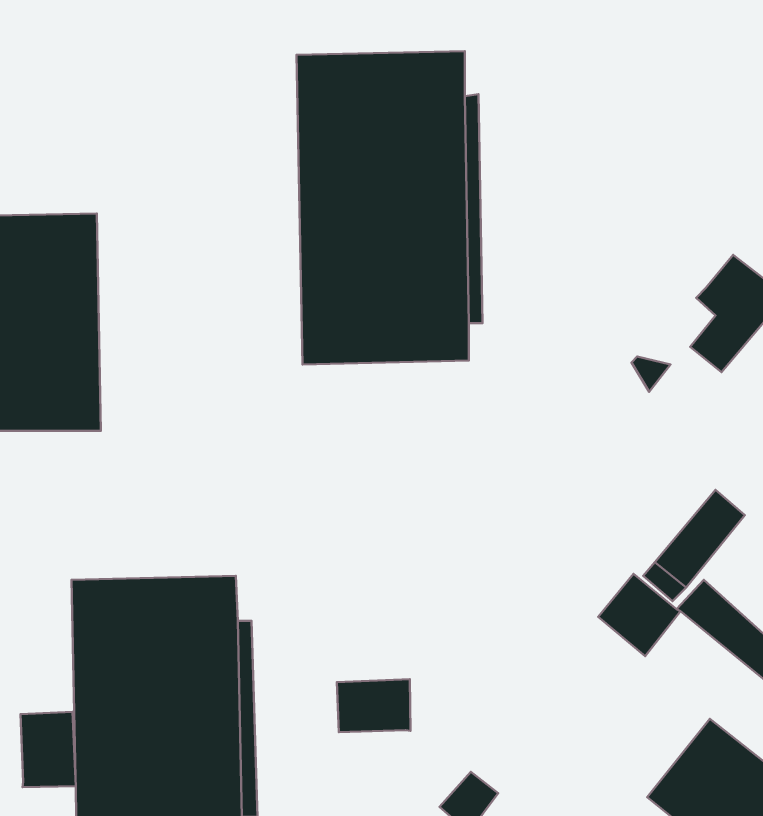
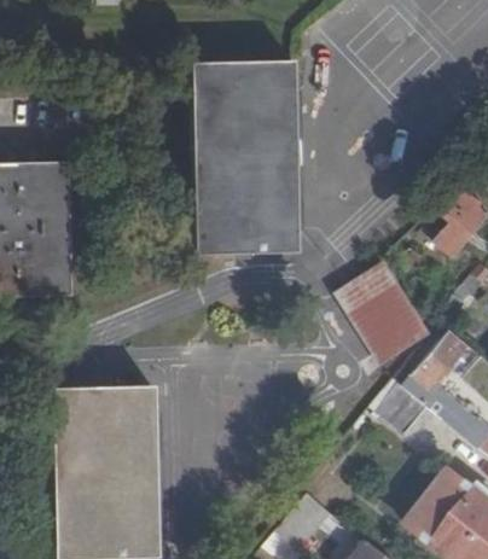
building: none -> [337,263,428,362]
building: [337,679,410,732] -> none
building: [21,712,76,787] -> none

